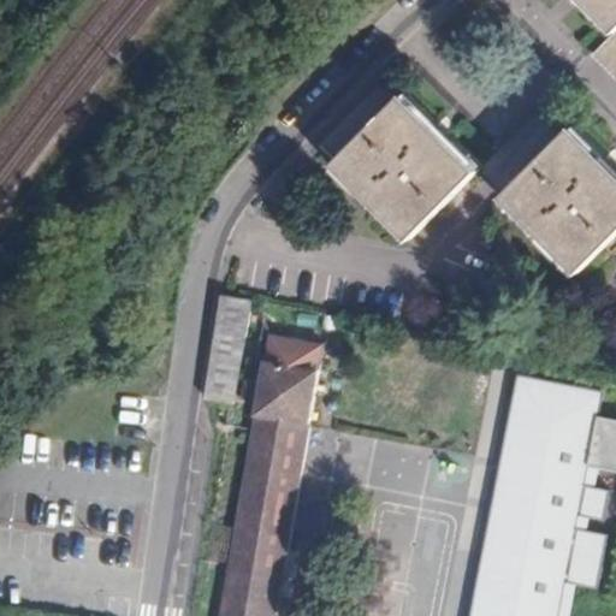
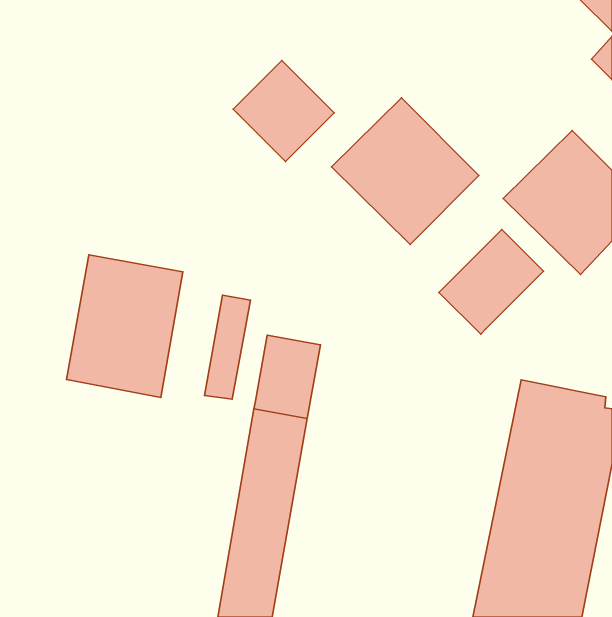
building: none -> [233,60,334,162]
building: none -> [439,229,544,334]
building: none -> [66,255,183,398]

